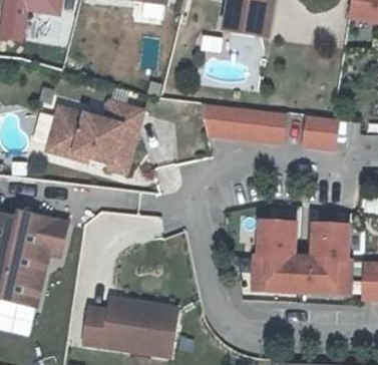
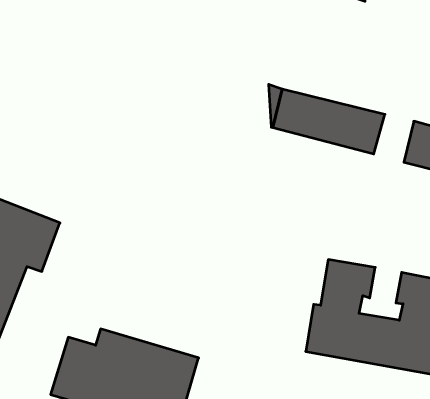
building: [48,102,144,173] -> none

